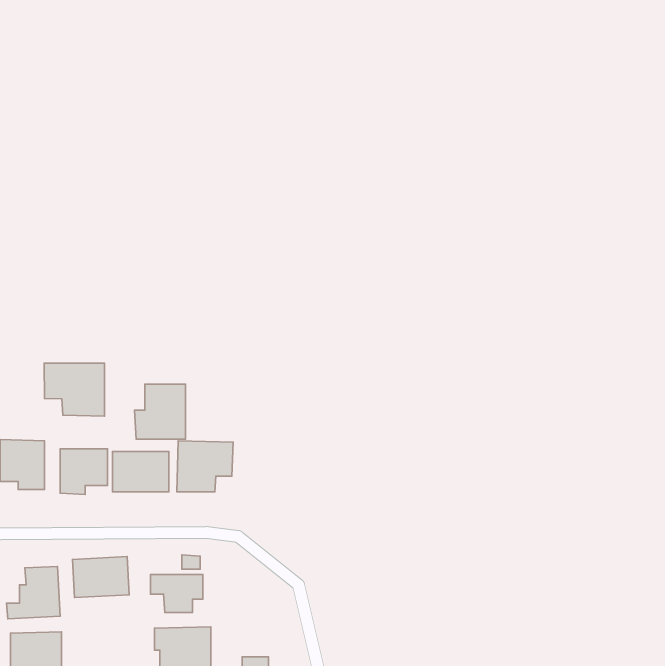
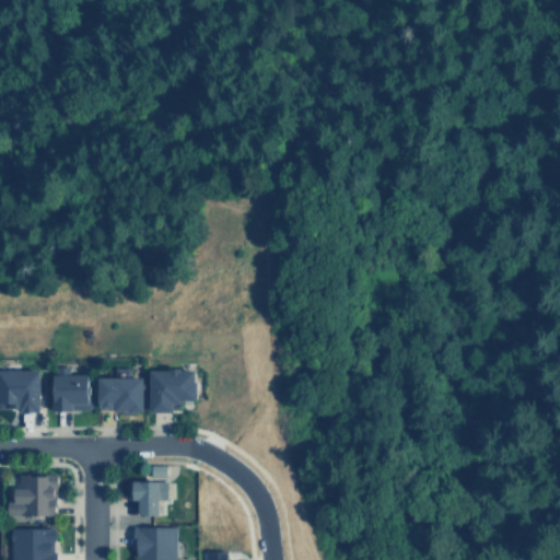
building: [44,363,104,416] -> none
building: [135,384,186,439] -> none
building: [72,557,129,597] -> none

